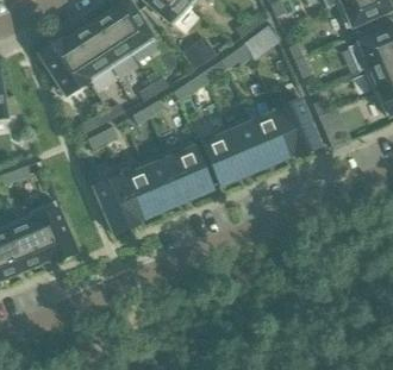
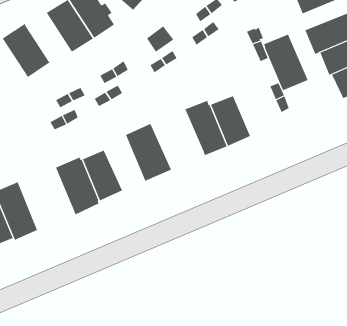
building: [64,27,111,82] -> none
building: [275,98,322,156] -> [263,34,308,91]
building: [200,126,247,186] -> none
building: [143,152,186,209] -> none

